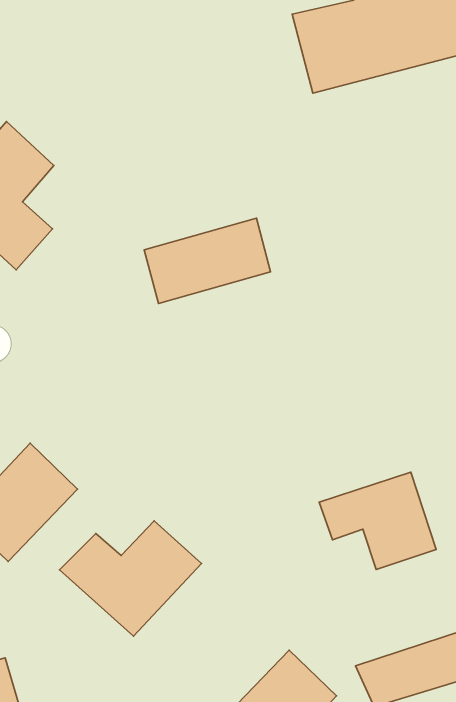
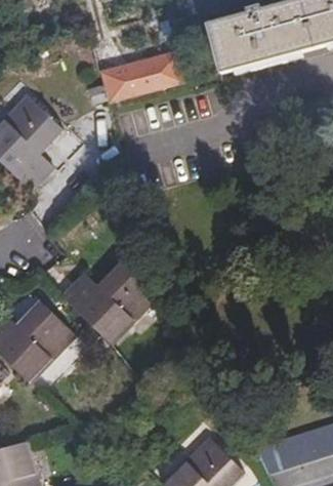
building: [144,218,271,303] -> [105,51,186,107]
building: [319,472,436,570] -> none
building: [59,521,201,636] -> [61,265,154,339]

